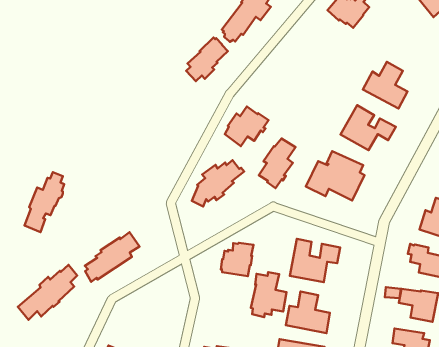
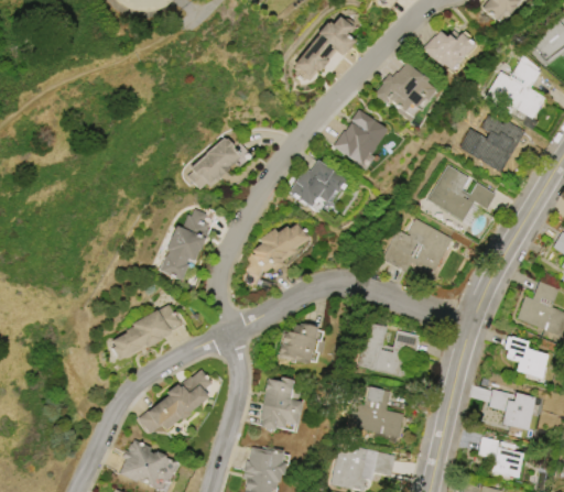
building: none -> [489,55,546,119]
building: none -> [372,63,435,112]
building: [186,37,228,81] -> [188,139,240,190]
building: none -> [334,110,389,167]
building: [259,138,295,188] -> none
building: [25,172,64,232] -> [160,209,210,281]
building: [18,265,77,320] -> [138,371,212,435]
building: [251,272,287,317] -> [259,378,303,431]

